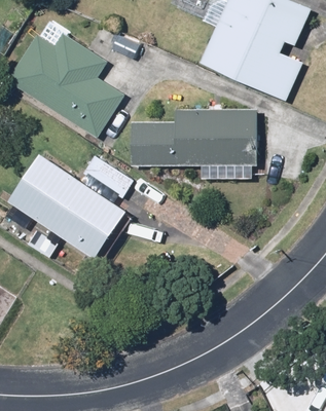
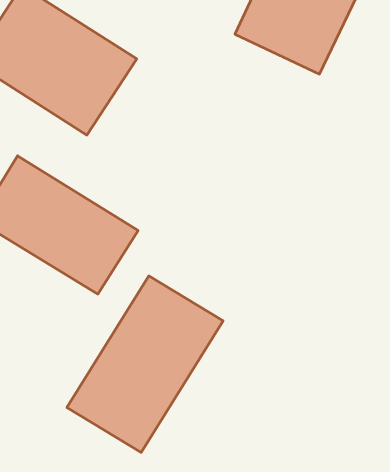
building: [129,111,258,167] -> none
building: none -> [67,276,223,452]

